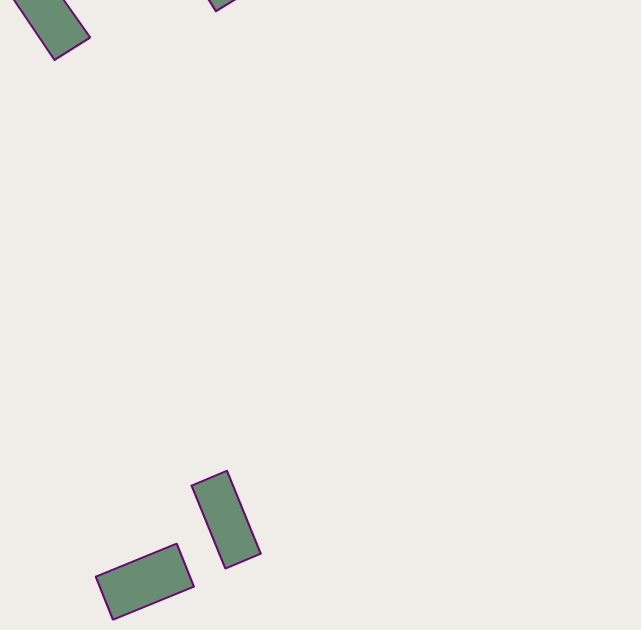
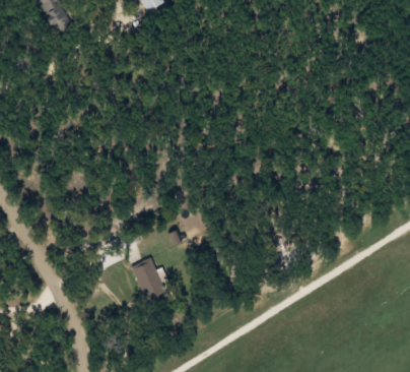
building: [96,544,194,620] -> none

